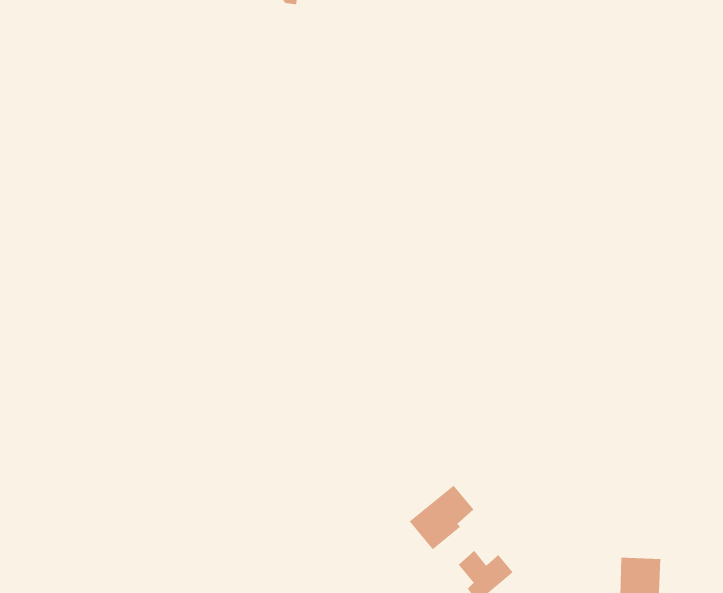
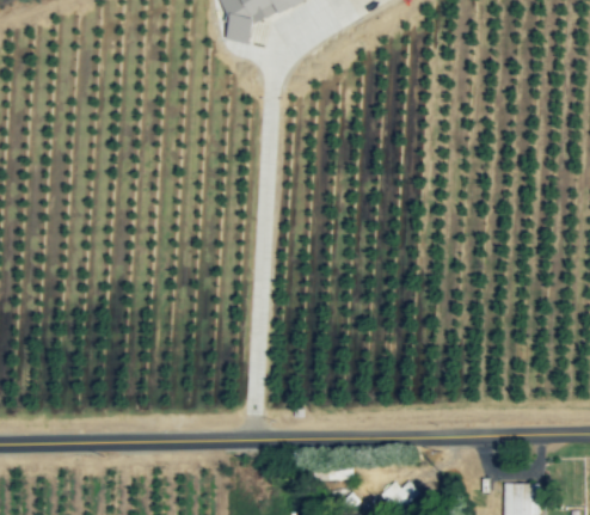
building: [409,485,474,550] -> none

